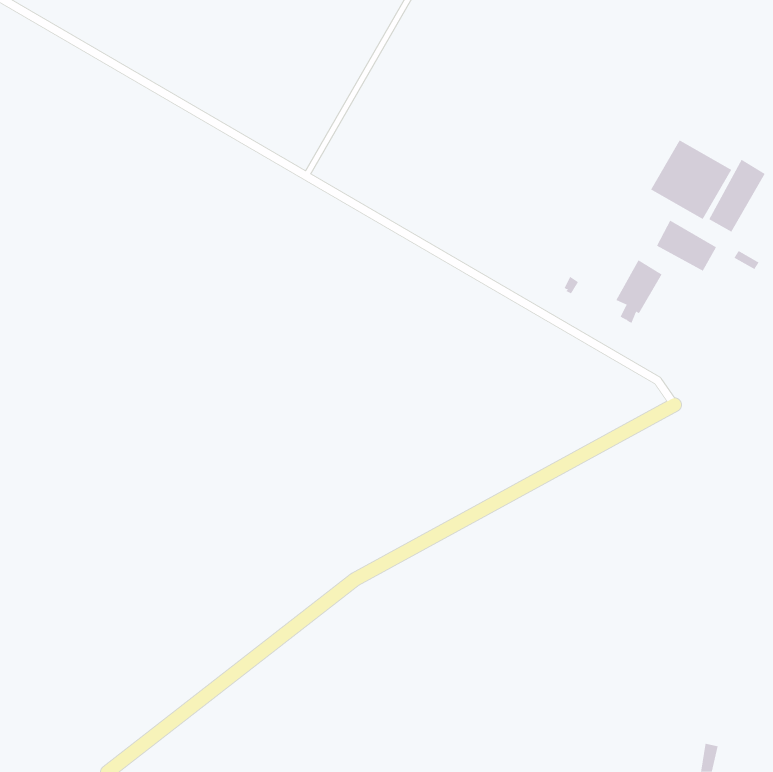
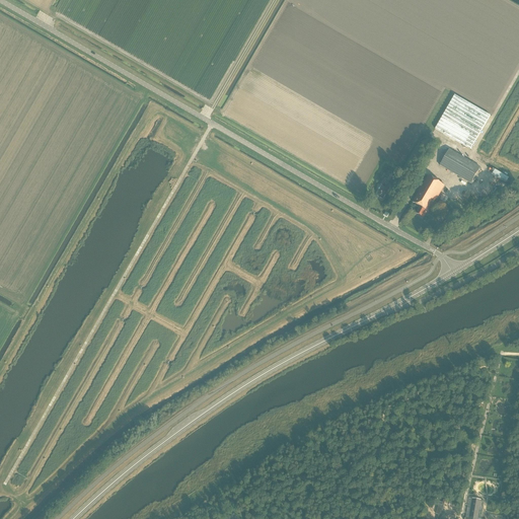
building: [708,159,765,232] -> none

